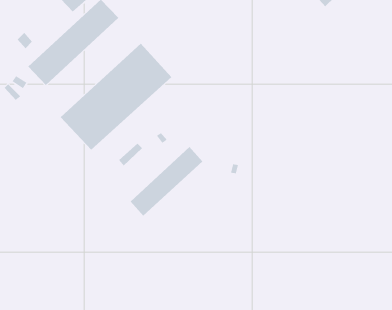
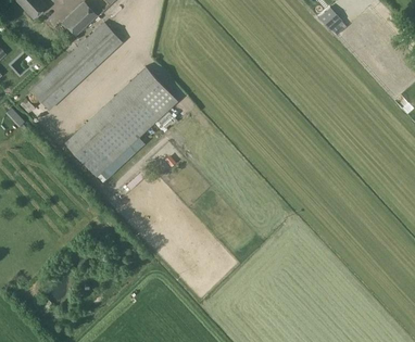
building: [130,146,203,217] -> none

